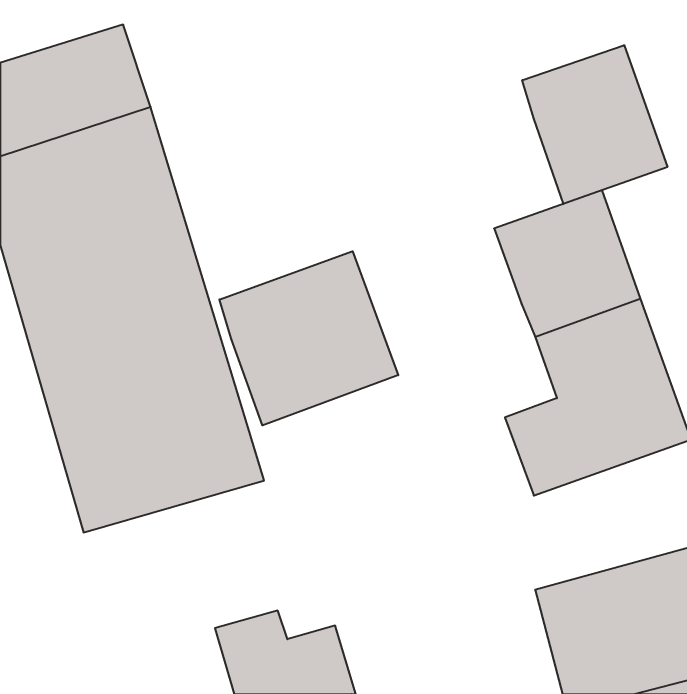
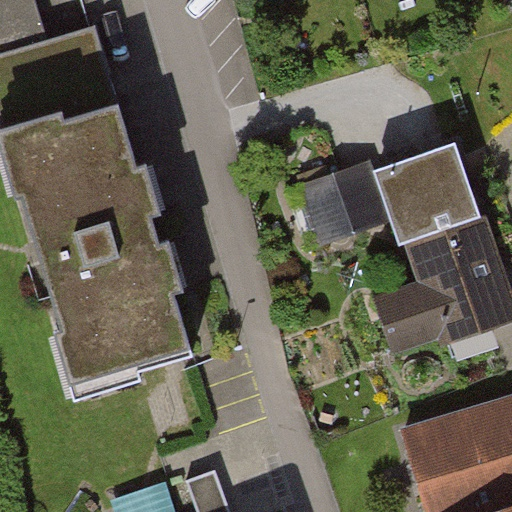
building: [522,45,667,204] -> none
building: none -> [305,167,390,246]
building: [219,251,398,425] -> none

